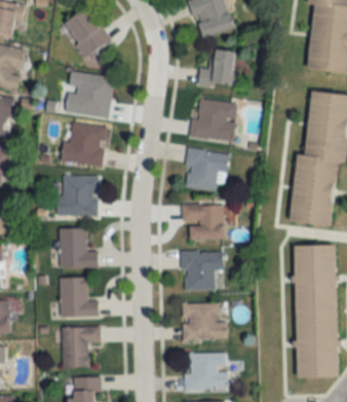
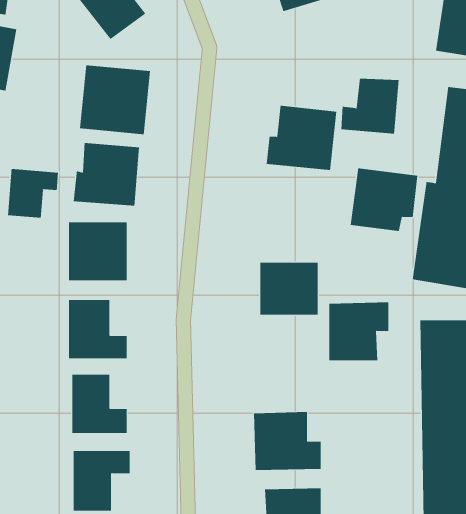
building: [198,50,237,87] -> [340,78,399,134]
building: none -> [8,168,59,218]
building: [184,149,229,191] -> [350,168,418,231]
building: [183,251,223,290] -> [329,302,389,361]

